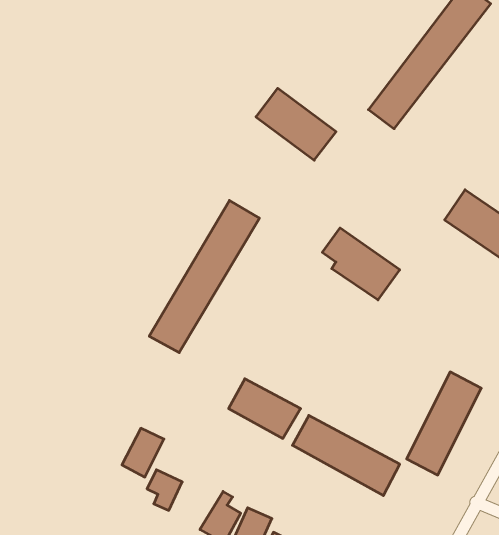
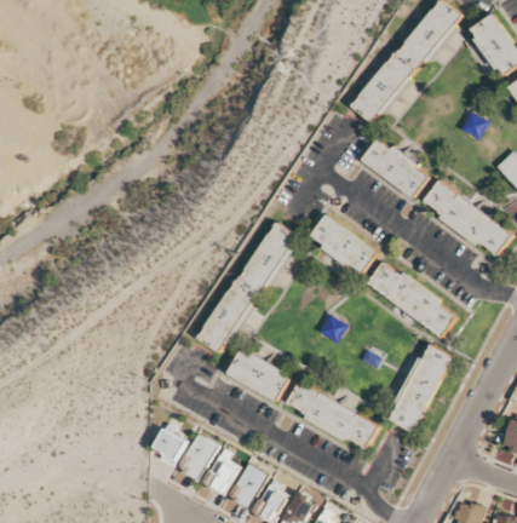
building: [256,88,336,160] -> [361,136,432,200]
building: [149,200,259,353] -> [200,219,298,355]
building: none -> [367,259,460,337]
building: [122,428,164,477] -> [179,435,217,478]

